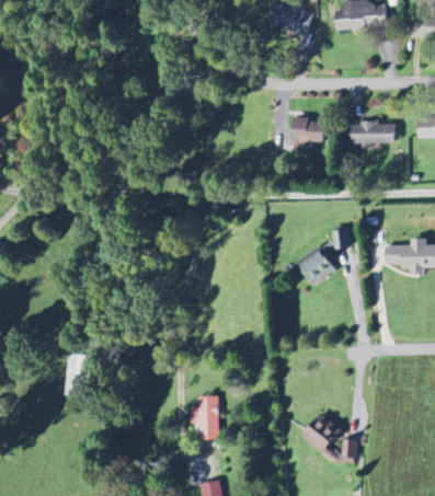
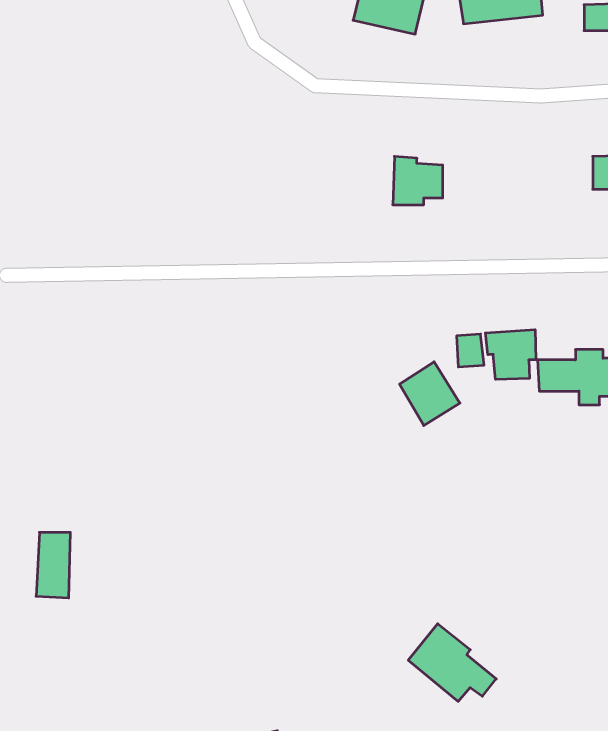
building: [350,122,394,145] -> none
building: none -> [485,330,536,379]
building: [190,396,219,440] -> none

